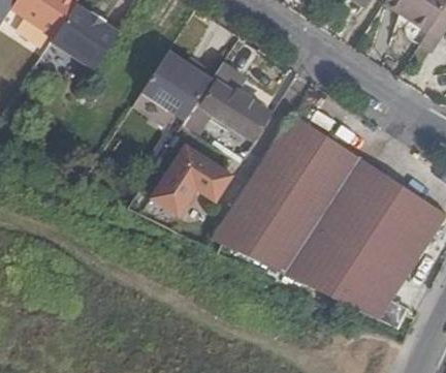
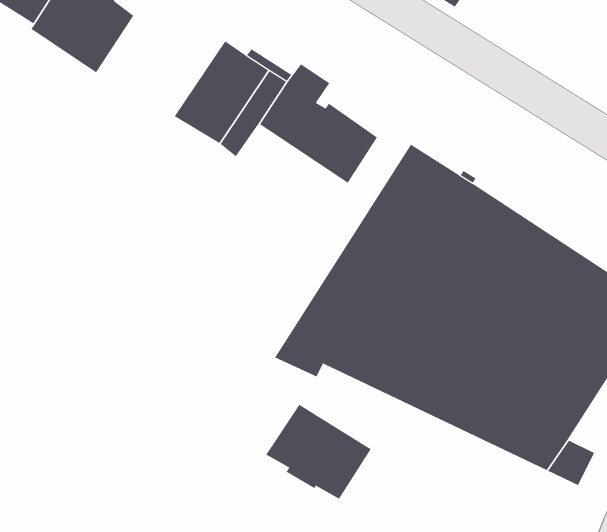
building: [151,145,231,215] -> none
building: none -> [265,404,371,499]

